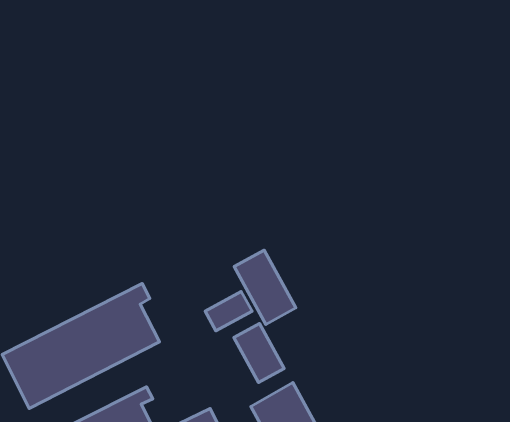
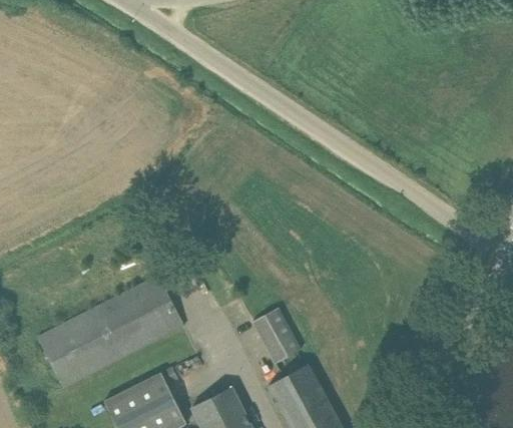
building: [234,250,296,324] -> none
building: [205,291,252,331] -> none

